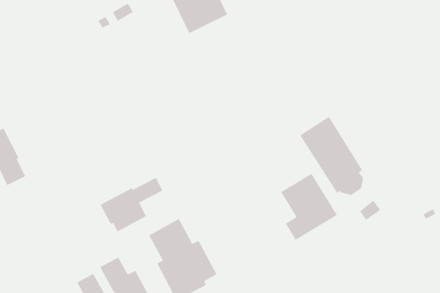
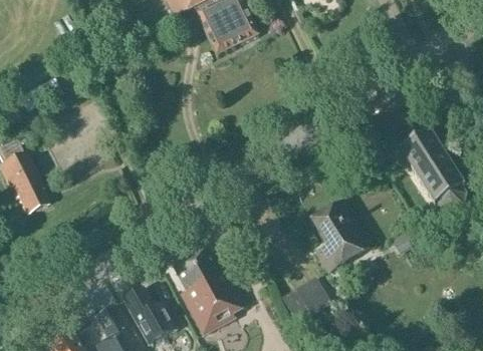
building: [299,116,364,196] -> [398,129,465,213]
building: [99,177,164,232] -> none
building: none -> [294,276,329,314]

